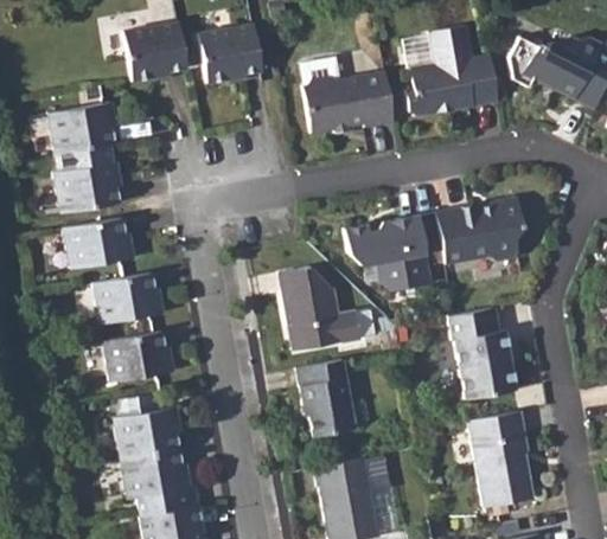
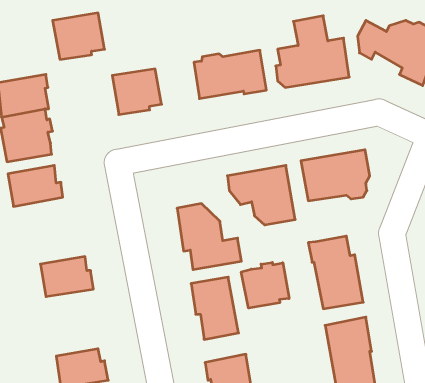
building: [198,25,261,83] -> [112,69,162,115]
building: [95,275,164,326] -> none
building: none -> [241,262,289,308]
building: [117,406,180,460] -> none

